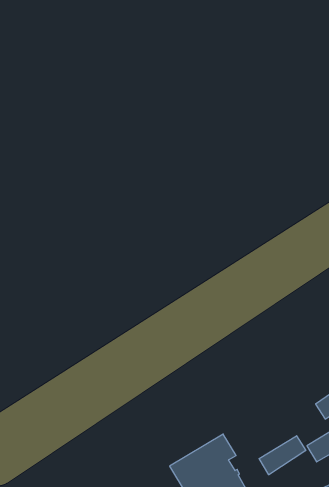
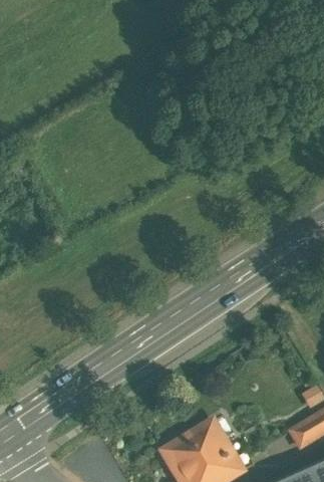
building: [259,436,306,475] -> none

